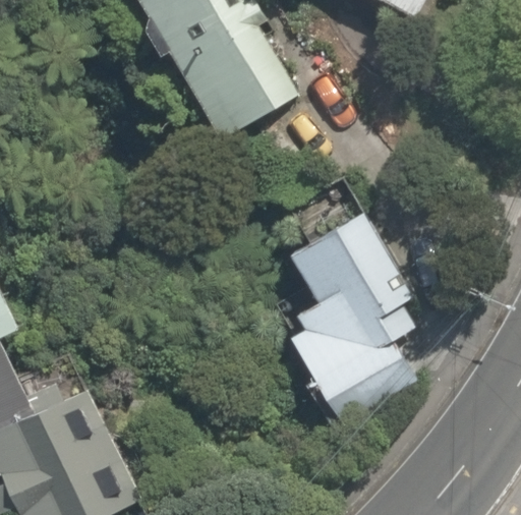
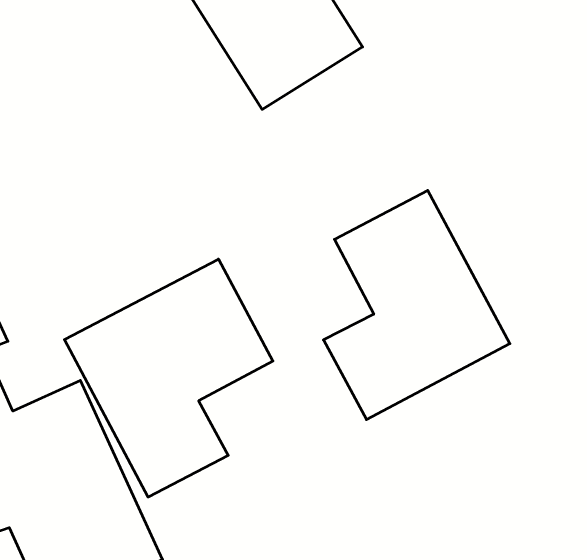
building: none -> [64,259,273,497]

